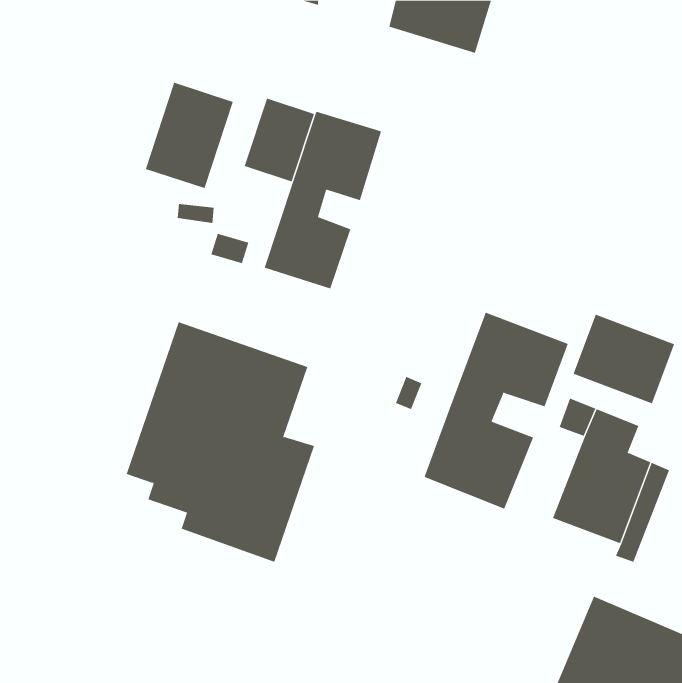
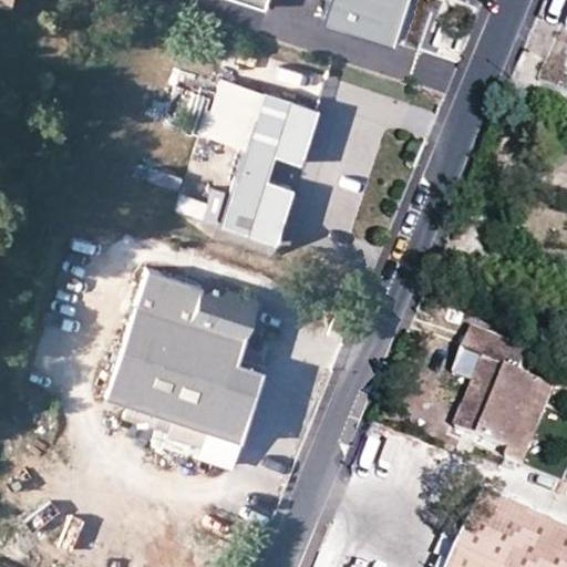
building: [145,82,233,189] -> none
building: [424,312,568,509] -> none
building: [573,314,675,404] -> none

